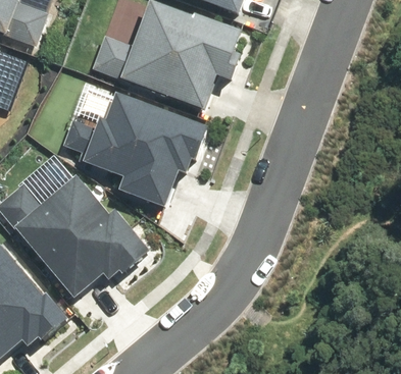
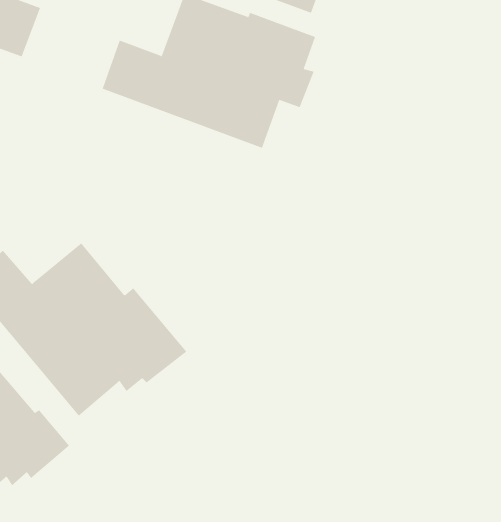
building: [60,92,207,206] -> none

